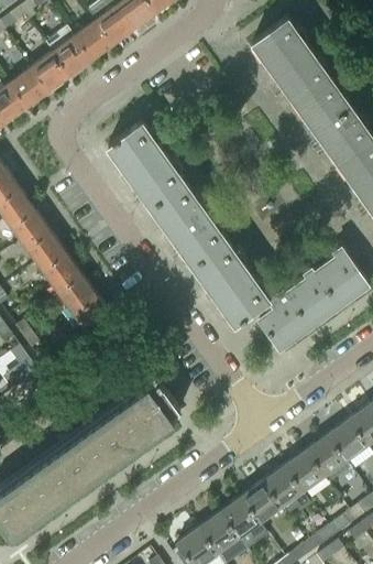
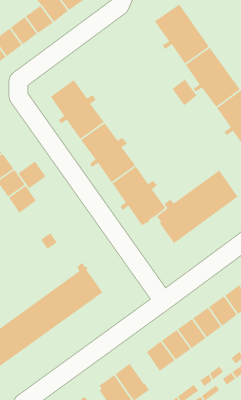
building: none -> [171,78,198,106]
building: [66,289,106,328] -> [18,160,46,189]
building: [218,496,259,539] -> none

